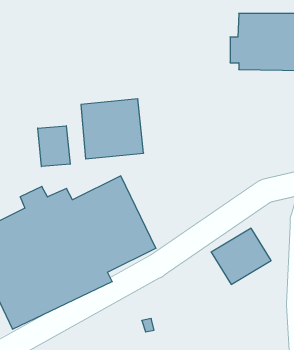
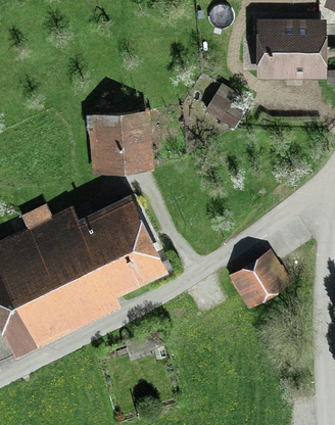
building: none -> [204,84,251,129]
building: [38,126,70,167] -> none

